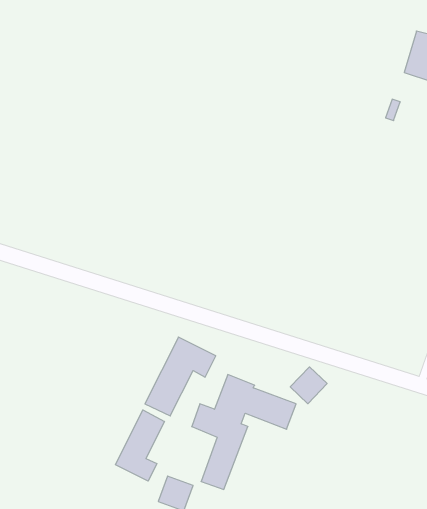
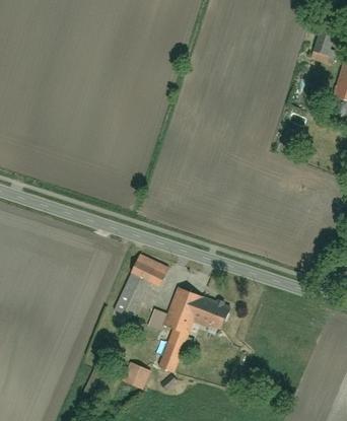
building: [290,367,327,404] -> none
building: [115,410,164,481] -> none

